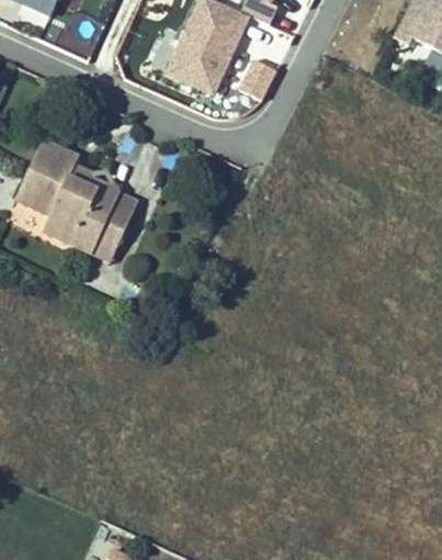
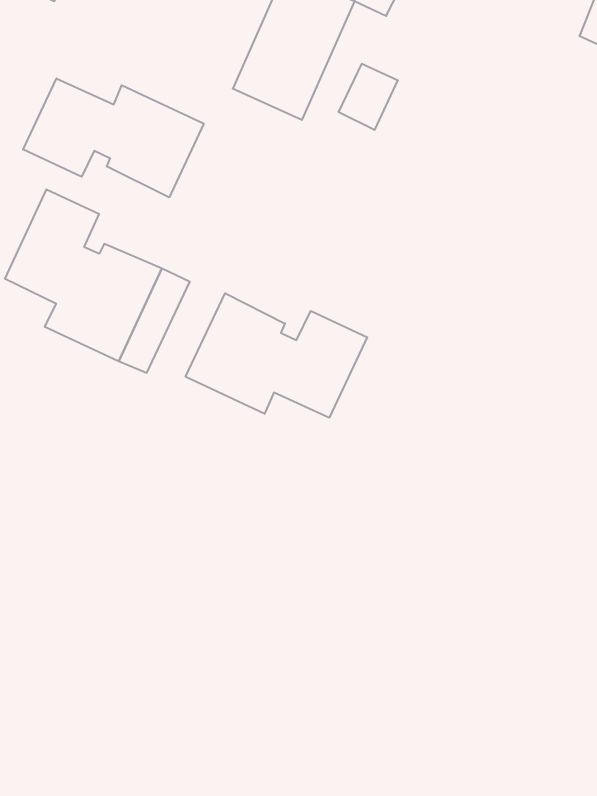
building: none -> [23,78,204,197]
building: none -> [186,293,367,418]

